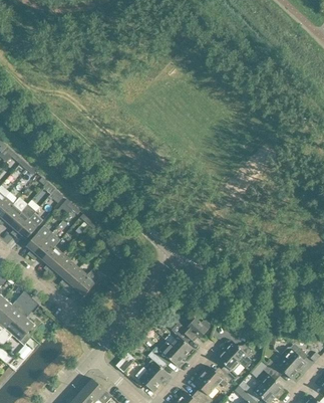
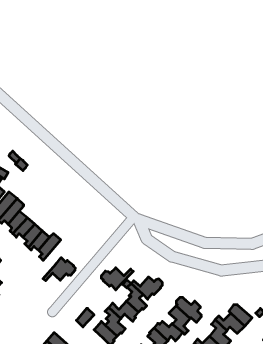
building: none -> [43,258,75,281]
building: none -> [101,268,133,290]

